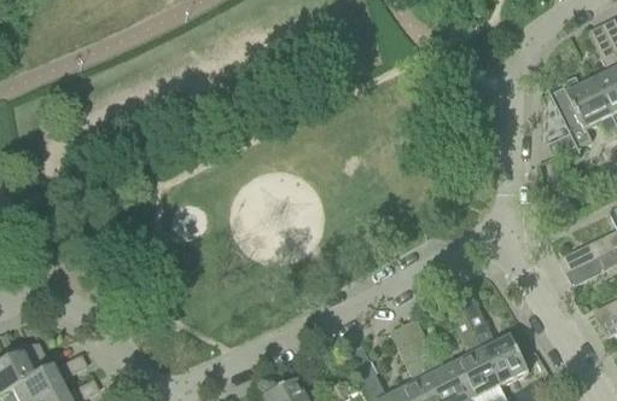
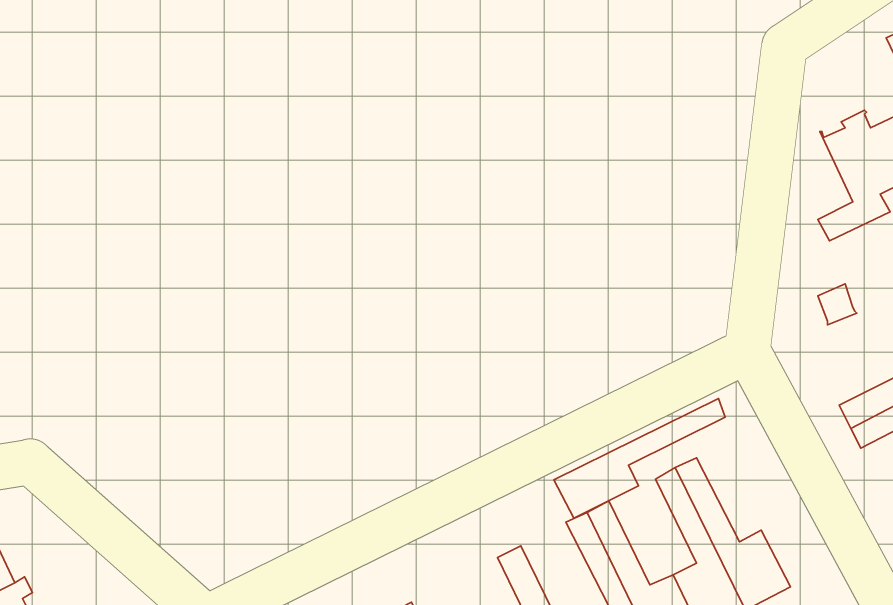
building: none -> [554,399,725,518]

